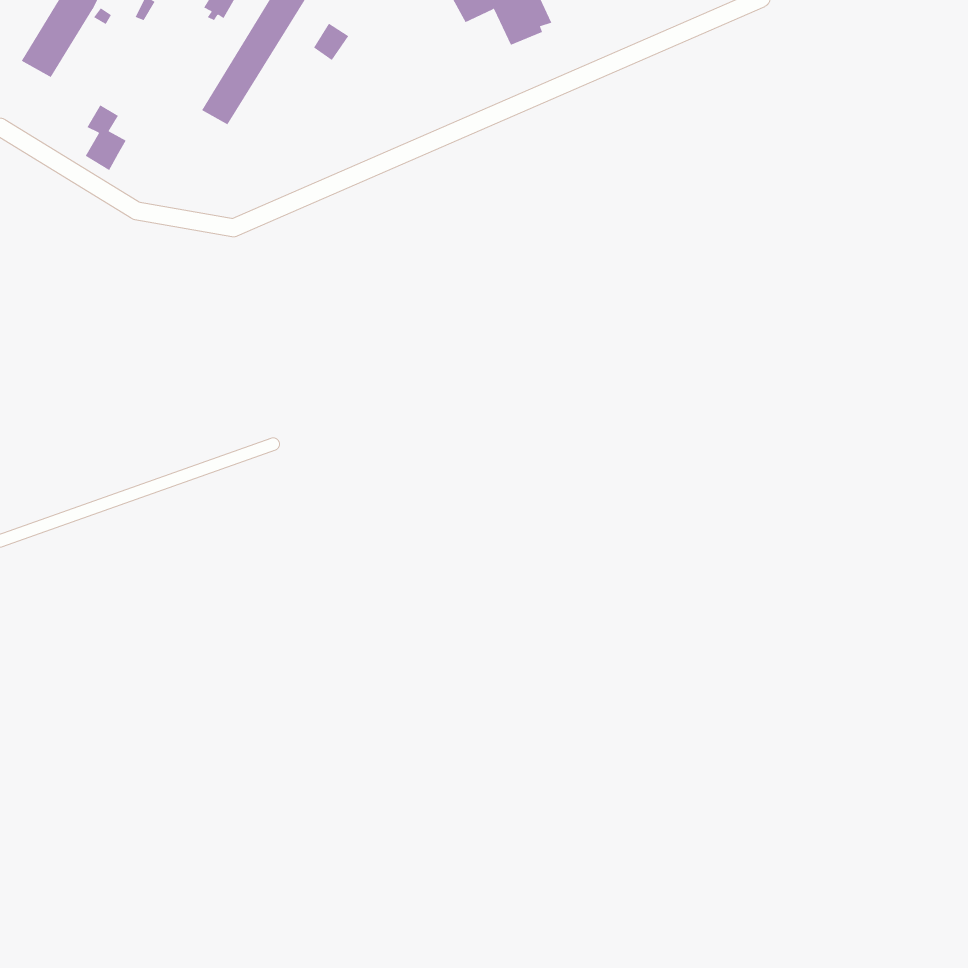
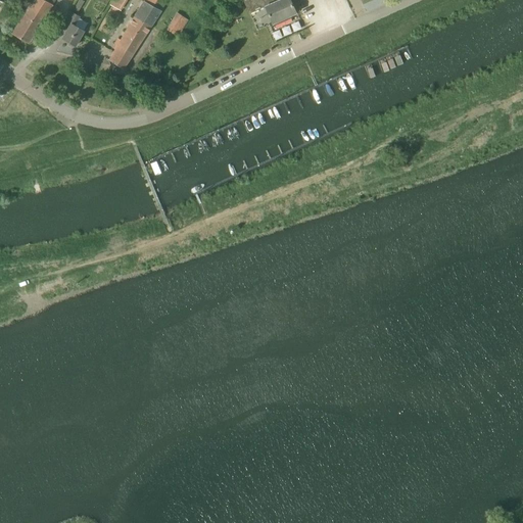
building: [85,105,126,171] -> [62,10,85,46]

